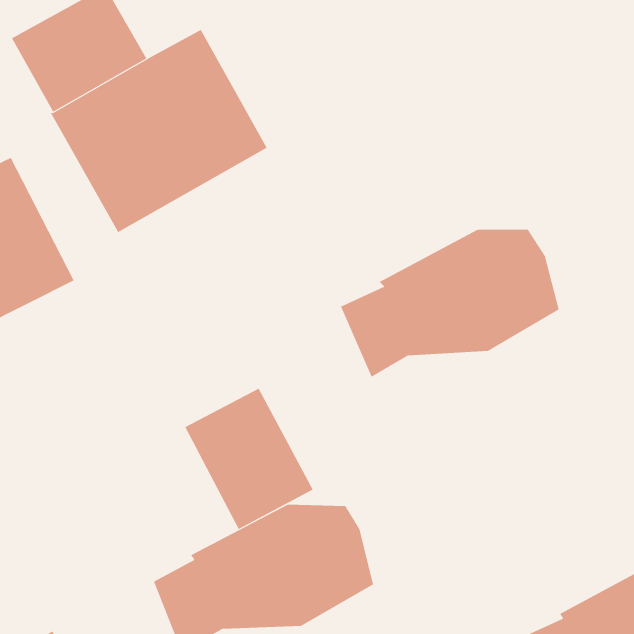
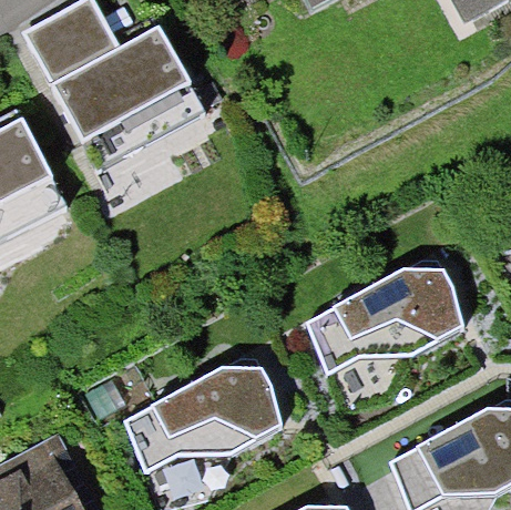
building: [340,229,559,377] -> [306,266,463,373]
building: [184,388,314,530] -> none

